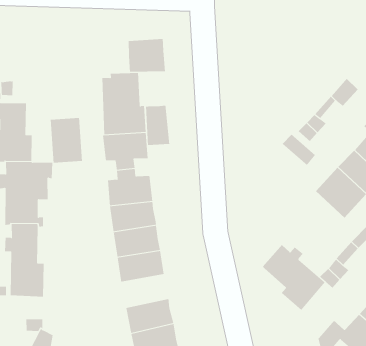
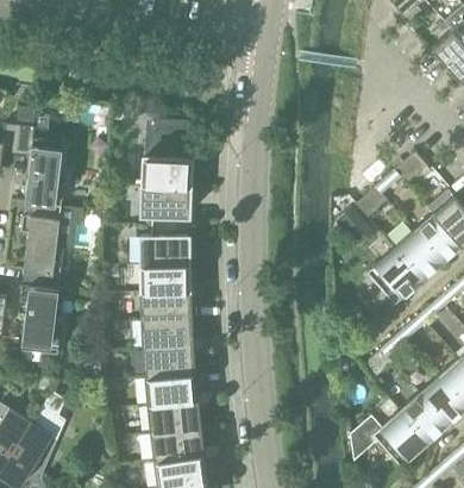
building: [128,38,165,73] -> none
building: [145,105,170,146] -> none
building: [50,117,83,163] -> none
building: [262,244,325,311] -> none
building: none -> [143,345,194,377]

